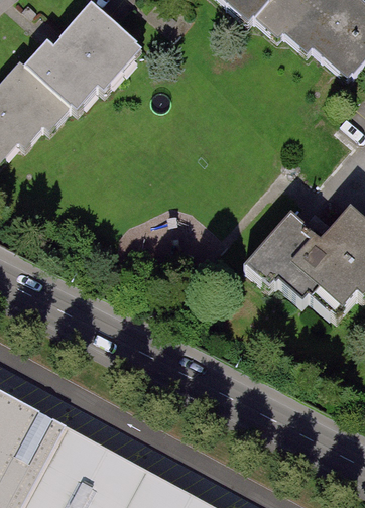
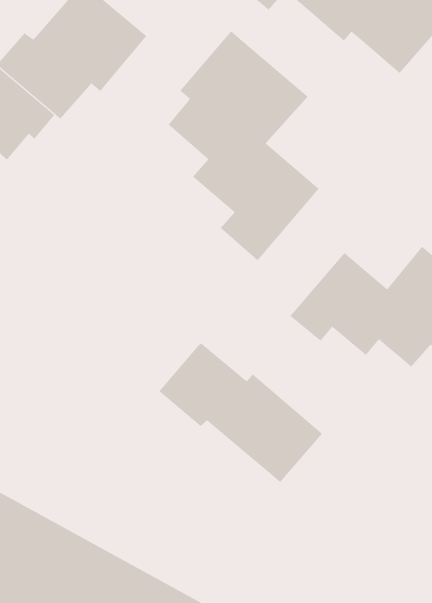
building: none -> [168,30,319,261]
building: none -> [158,343,323,483]

